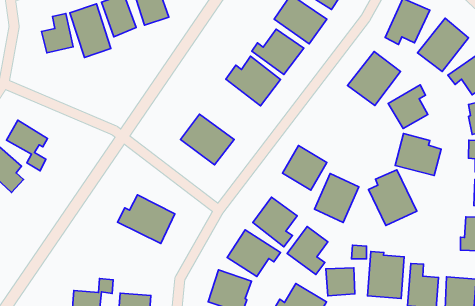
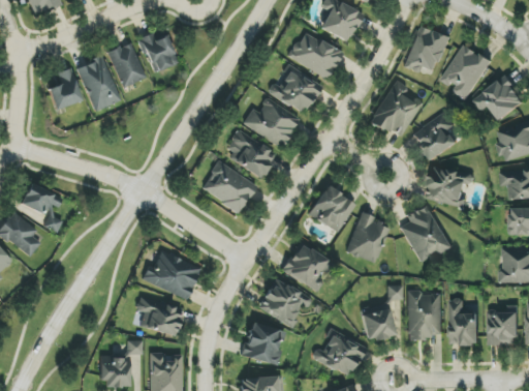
building: none -> [223,129,276,177]
building: [287,227,328,275] -> none
building: none -> [136,298,182,334]

